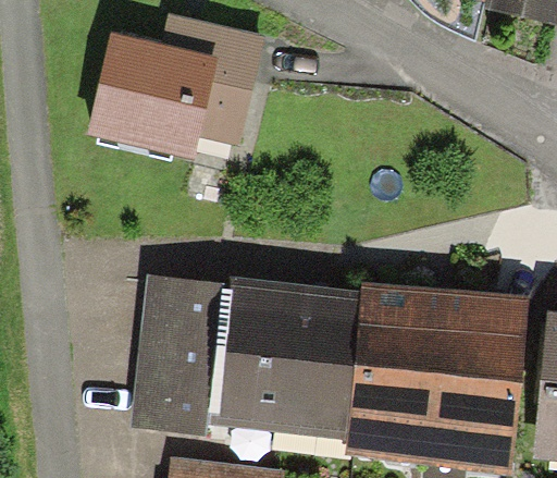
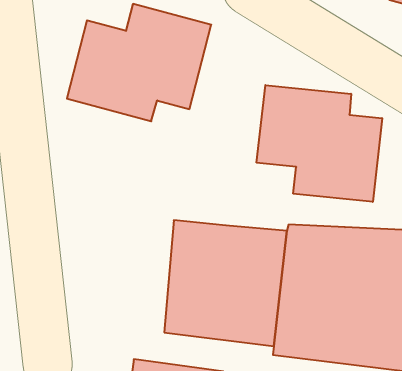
building: none -> [257,85,382,202]
building: [128,273,221,431] -> none

